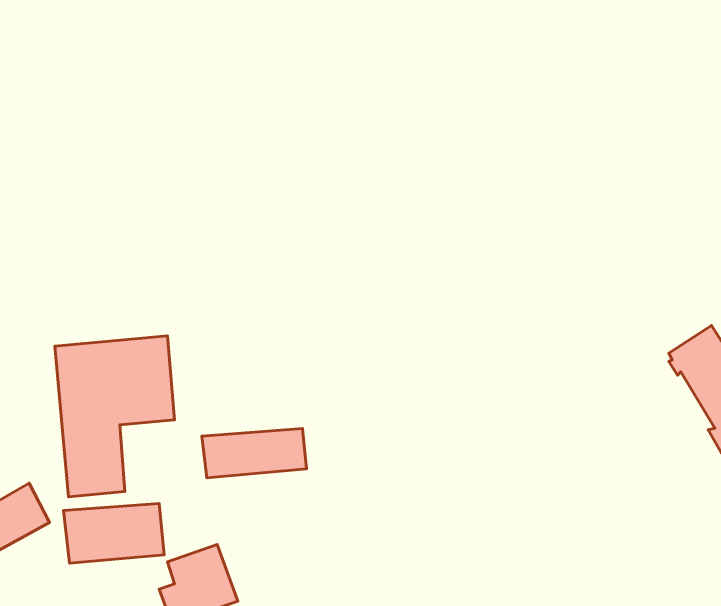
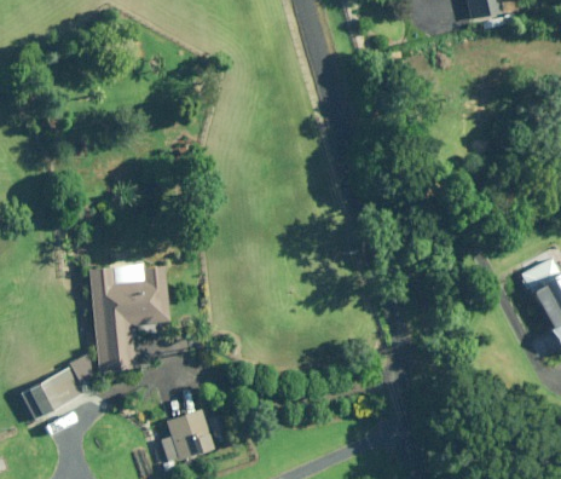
building: [202,429,306,478] -> none
building: [64,504,164,563] -> none

